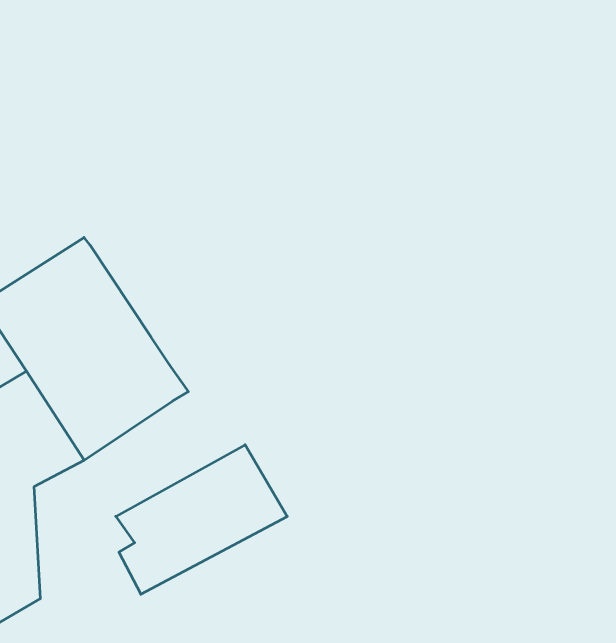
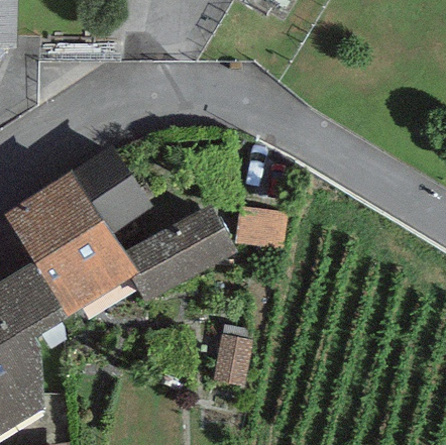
building: none -> [75,148,152,234]
building: [116,445,287,594] -> [126,206,237,303]

